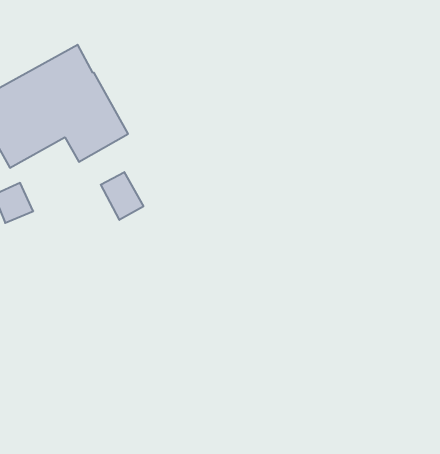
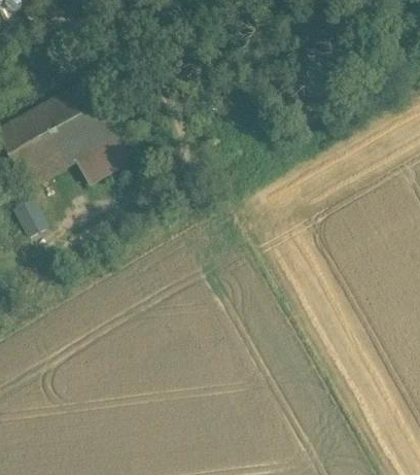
building: [101,172,143,220] -> none

